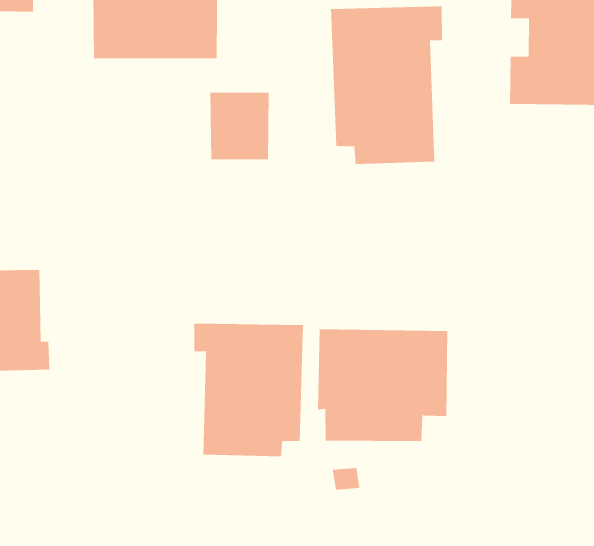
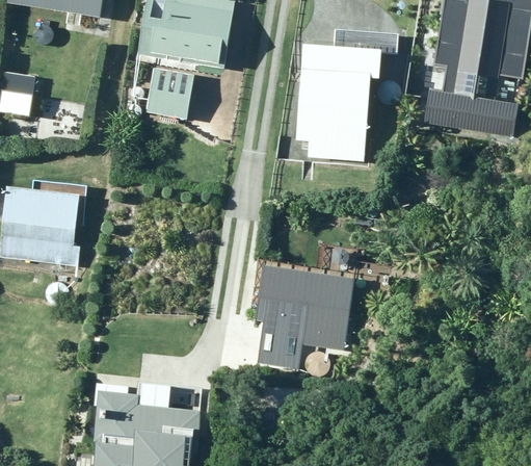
building: [209,92,269,160] -> [147,64,194,118]
building: [194,323,303,457] -> none

